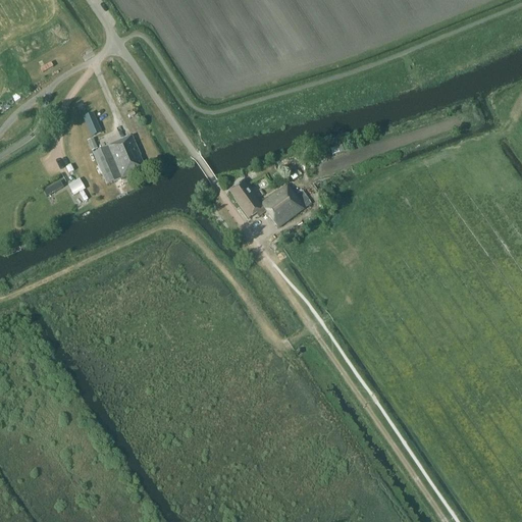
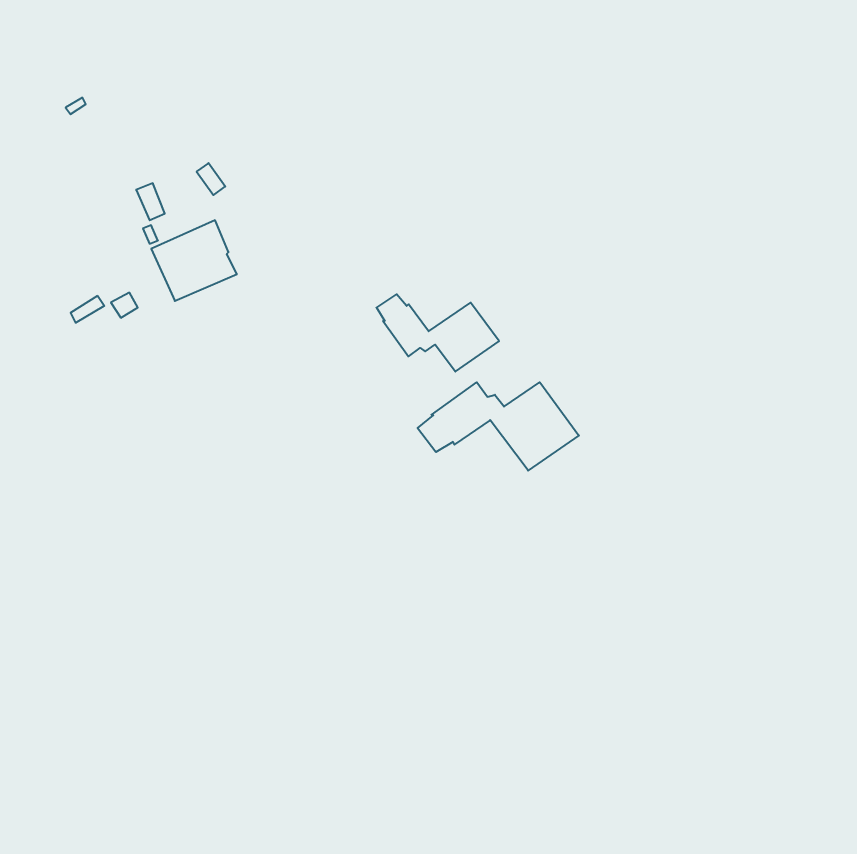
building: none -> [418,382,579,471]

